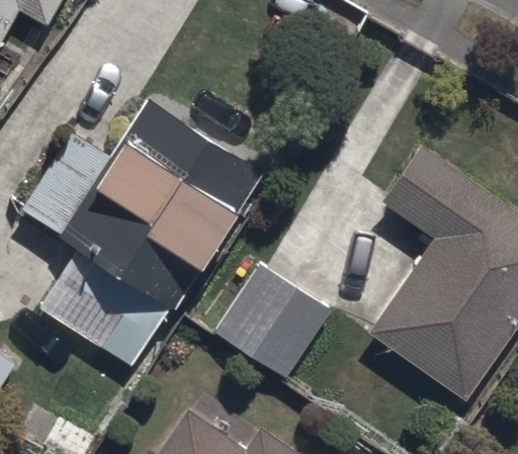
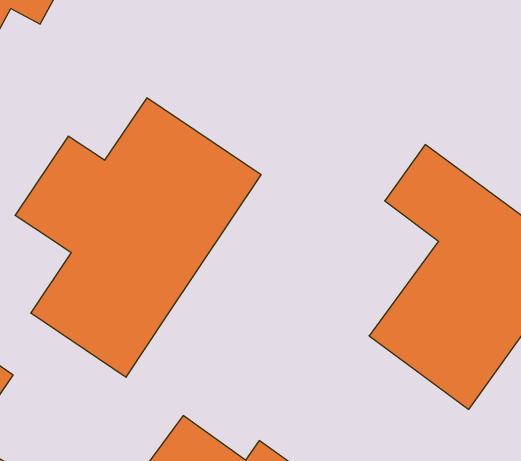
building: [213,264,333,381] -> none

